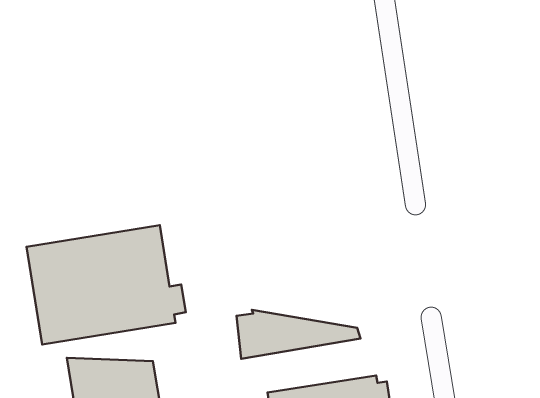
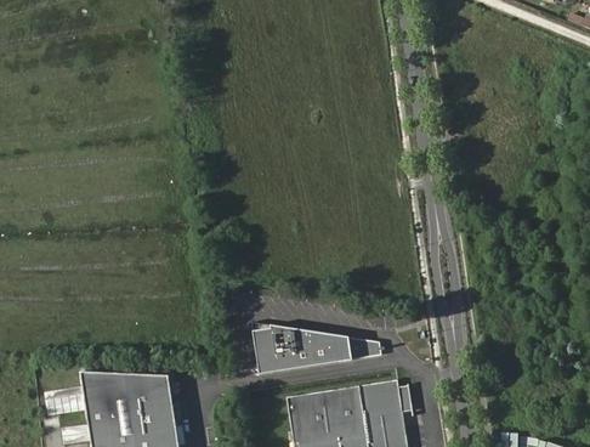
building: [27,225,186,344] -> none

